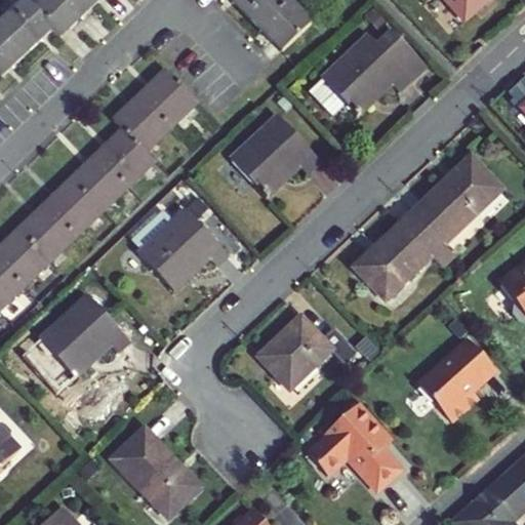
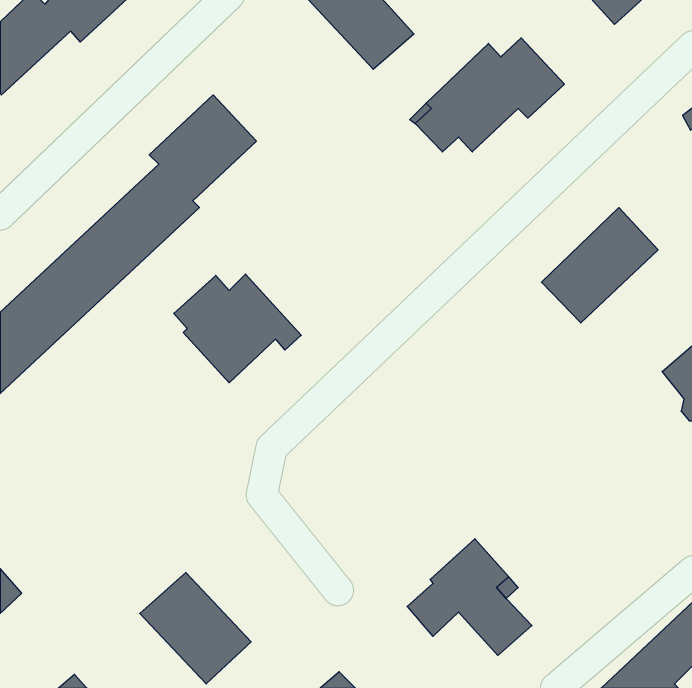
building: [232,114,321,195] -> none
building: [353,213,450,300] -> none
building: [23,293,129,388] -> none
building: [264,317,363,385] -> none
building: [421,339,498,420] -> none

